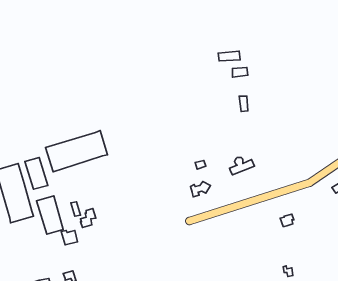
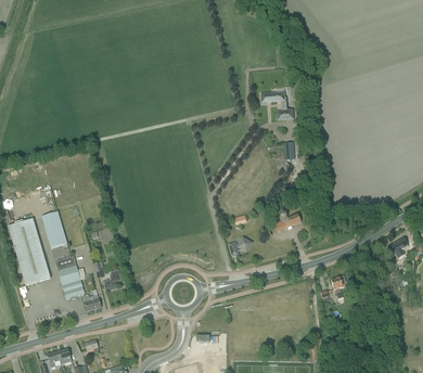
building: [46,131,108,172] -> none

